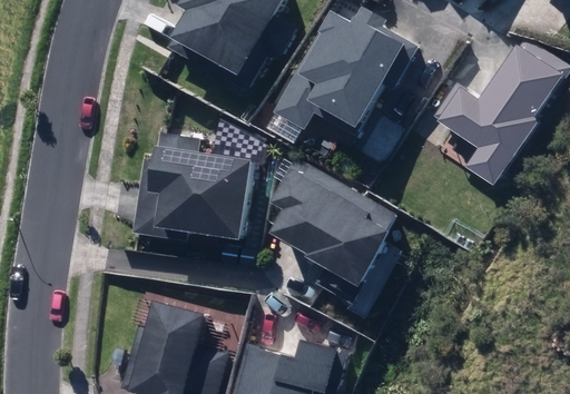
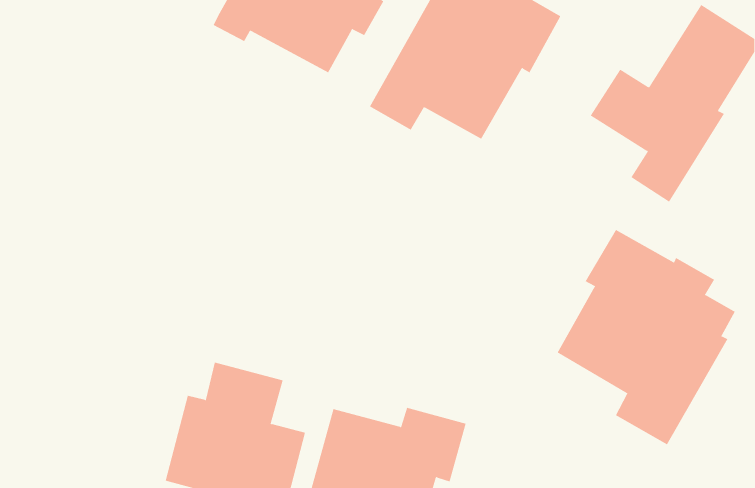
building: [135,135,255,240] -> none
building: [276,167,395,280] -> none
building: none -> [557,229,735,445]

